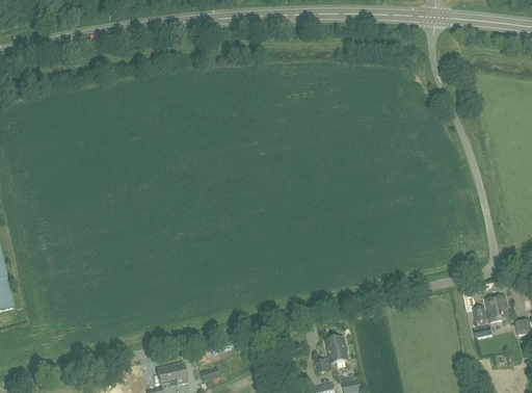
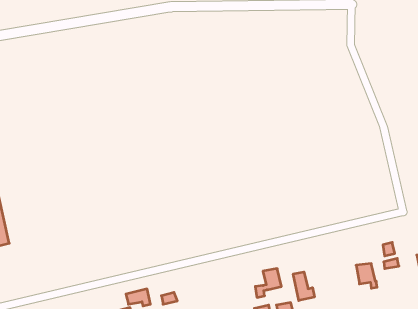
building: [484,295,510,325] -> [356,264,377,288]
building: none -> [293,272,314,301]

